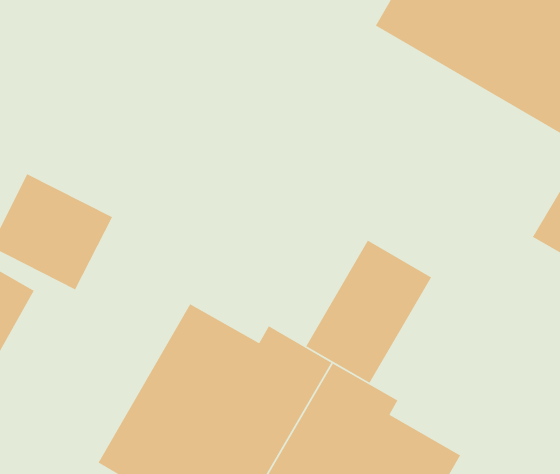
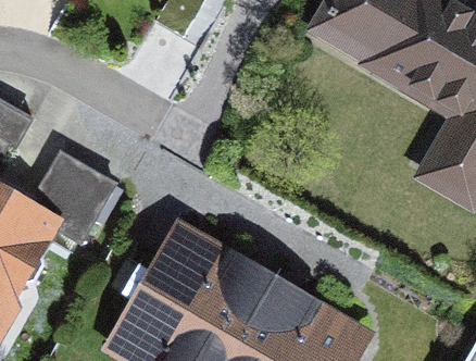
building: [305,240,432,384] -> none

